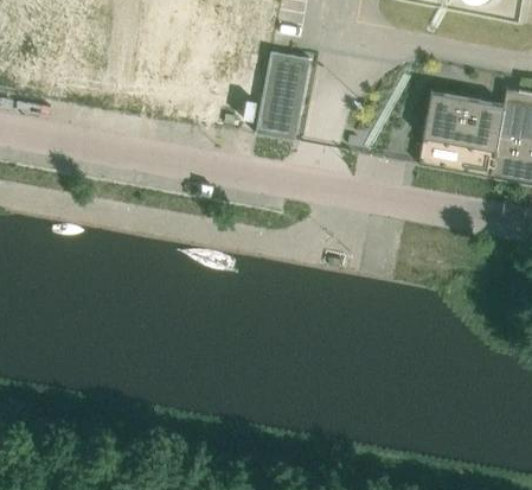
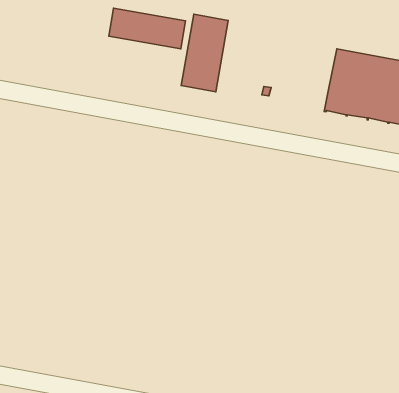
building: none -> [109,8,185,49]

